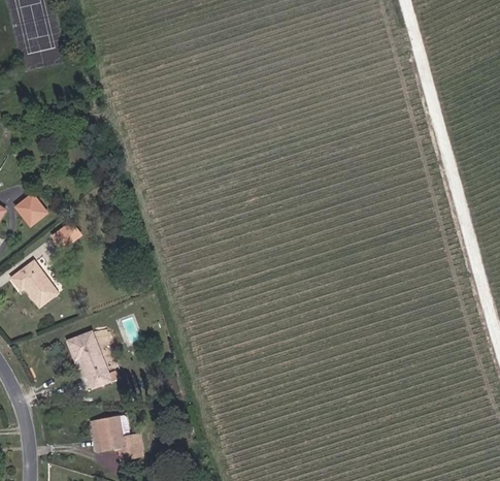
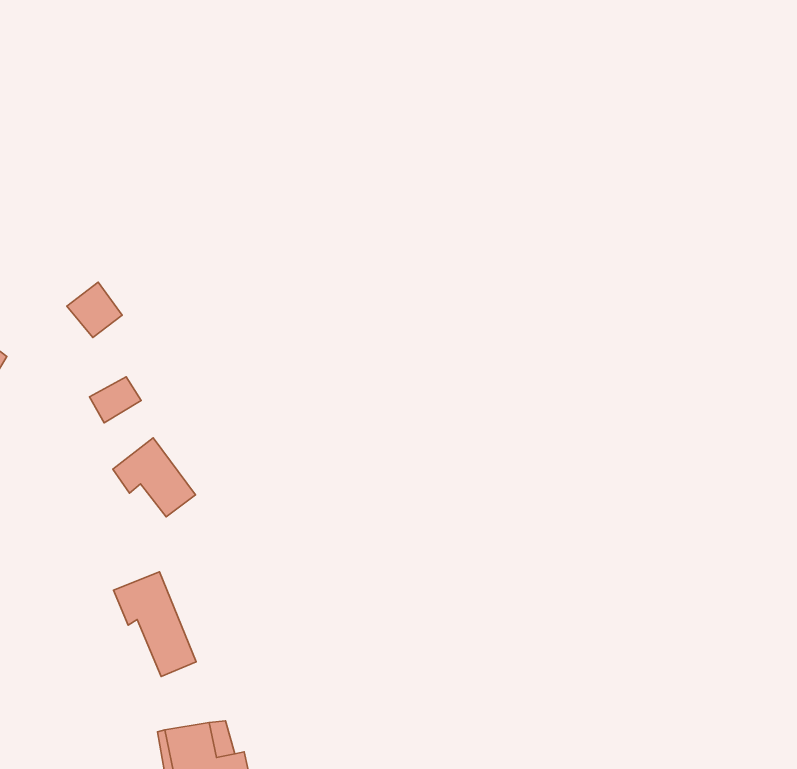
building: [16,195,47,226] -> [67,282,122,337]
building: [10,262,57,307] -> [113,438,196,517]

